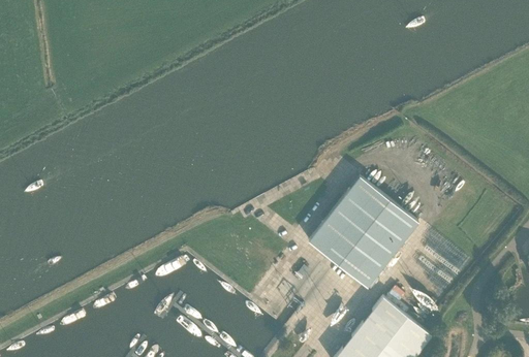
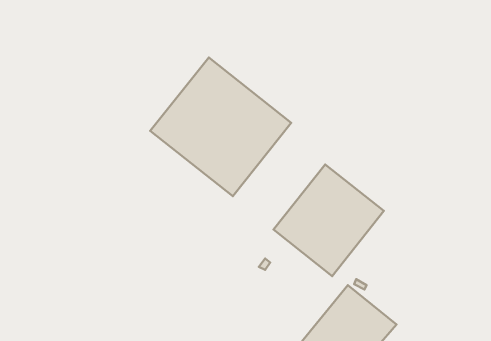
building: none -> [150,57,291,196]

